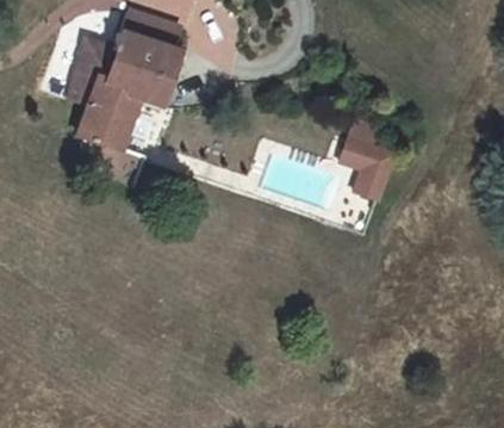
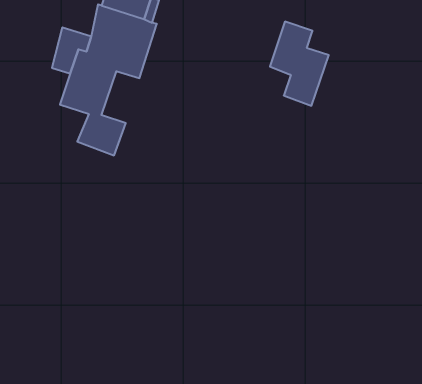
building: [338,116,399,203] -> [270,22,329,106]

